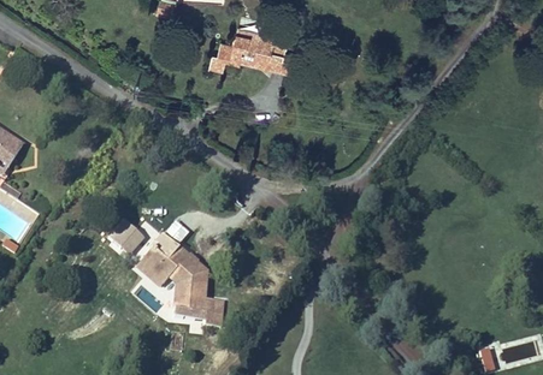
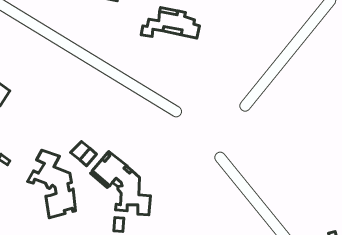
building: none -> [28,150,75,218]

